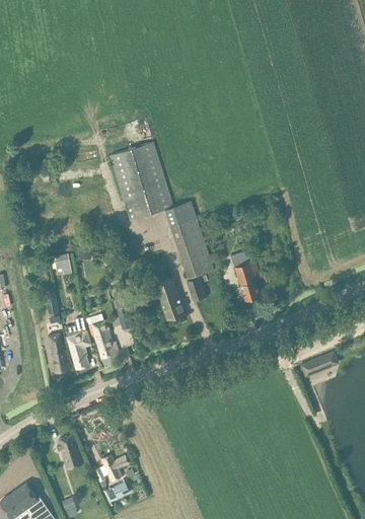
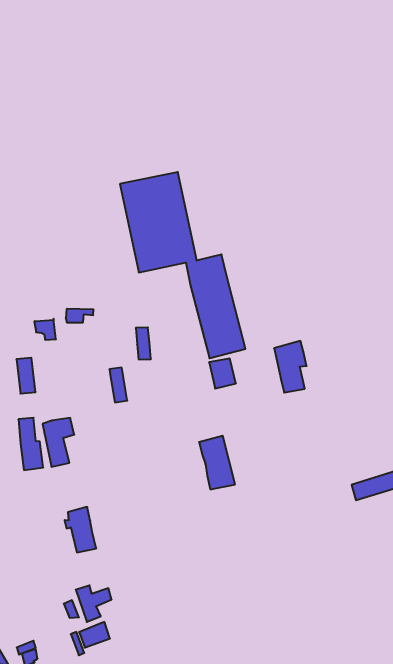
building: [155,278,185,318] -> [199,436,235,489]
building: [89,319,119,358] -> none
building: [57,434,82,468] -> [65,507,96,552]

